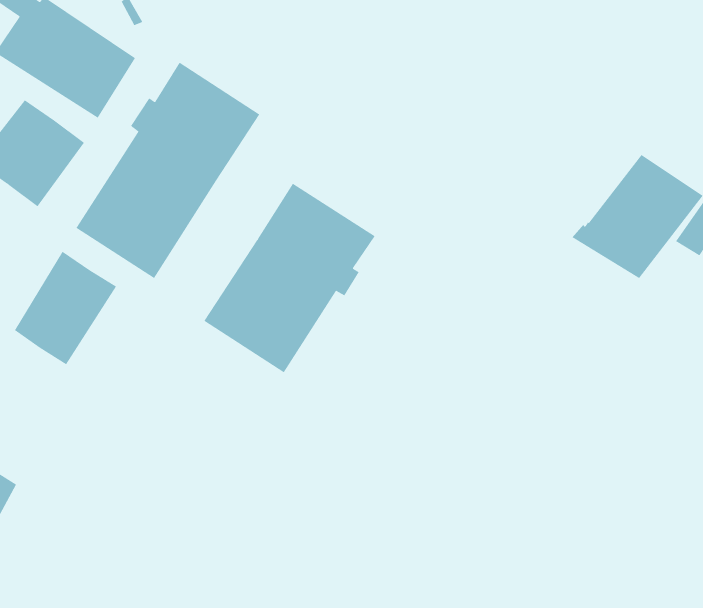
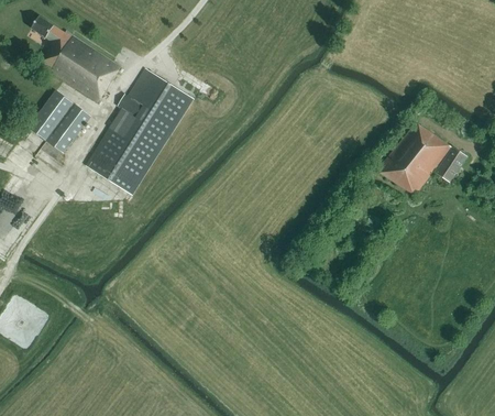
building: [204,183,375,373] -> none
building: [14,251,117,365] -> none

